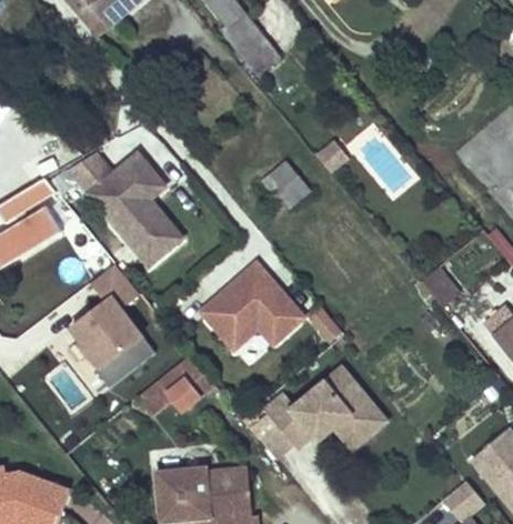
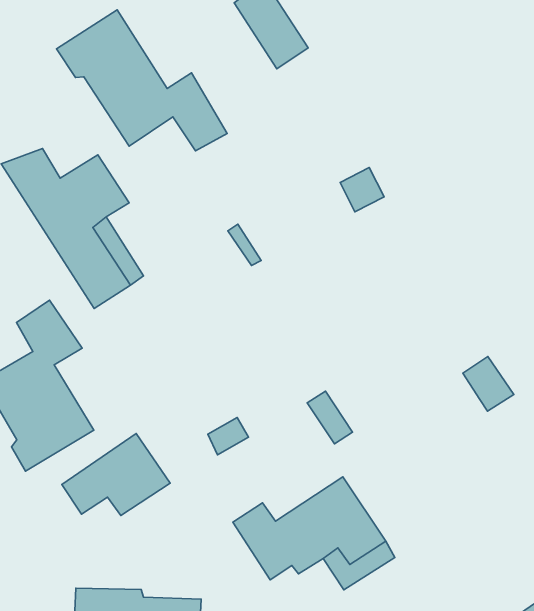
building: none -> [56,10,227,151]
building: [260,157,311,206] -> none
building: [201,261,304,346] -> none

